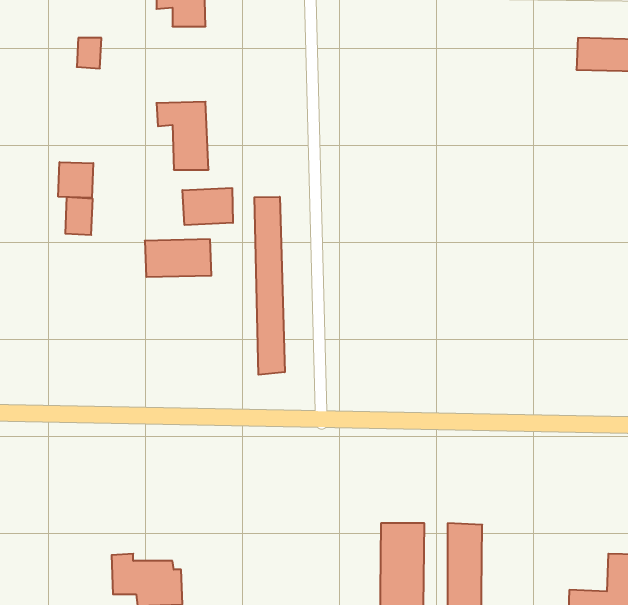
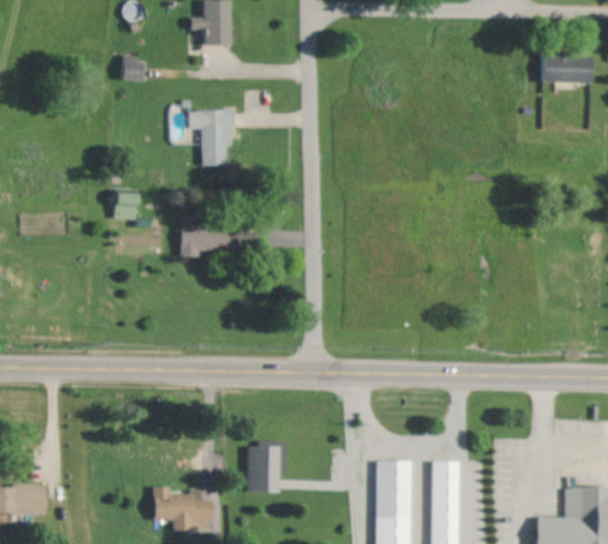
building: [58,162,93,198] -> none
building: [182,188,233,225] -> none
building: [254,197,285,375] -> none
building: none -> [247,442,286,493]

